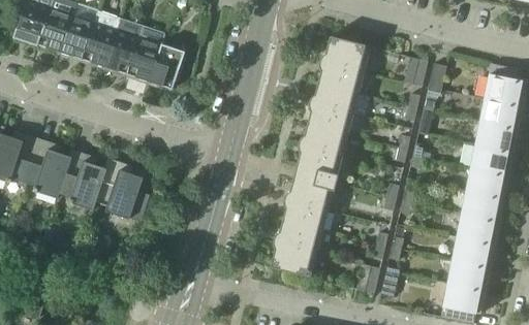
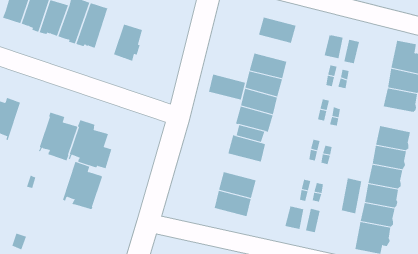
building: [126,26,164,80] -> none
building: [318,57,364,89] -> [208,74,246,100]
building: [21,138,70,197] -> [62,161,103,210]
building: [470,143,512,174] -> none
building: [281,200,328,232] -> none
building: none -> [341,177,362,214]

